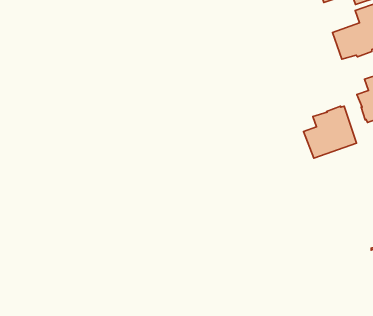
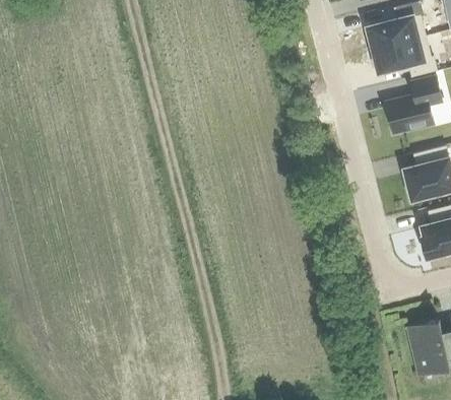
building: [304,106,357,158] -> none

